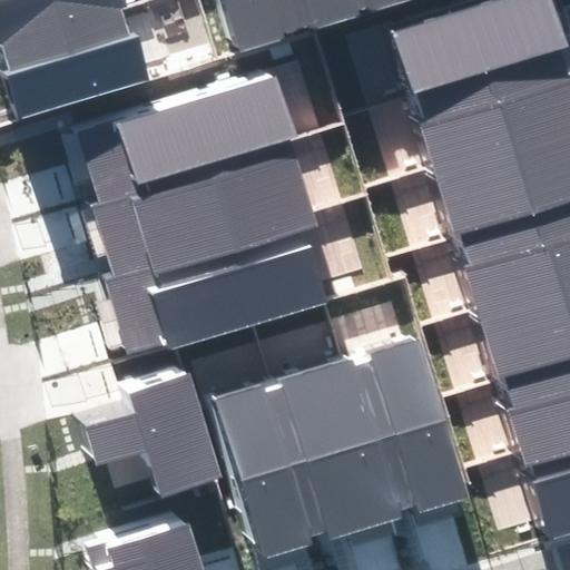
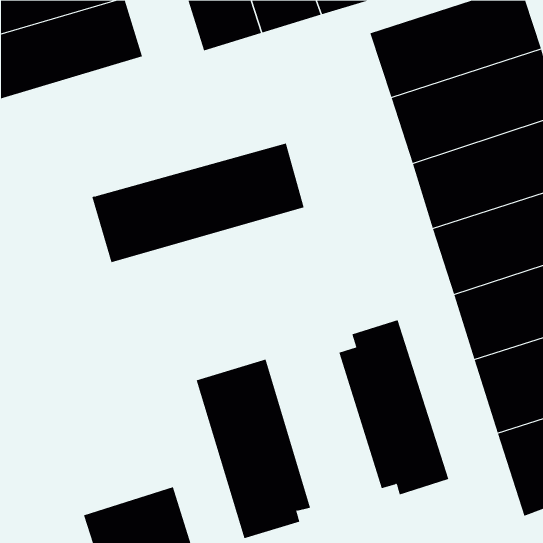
building: [80,77,301,206] -> none
building: [108,218,340,354] -> none
building: [279,356,402,542] -> none
building: [78,363,225,499] -> none

